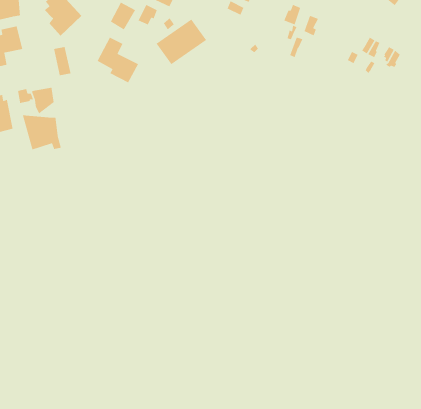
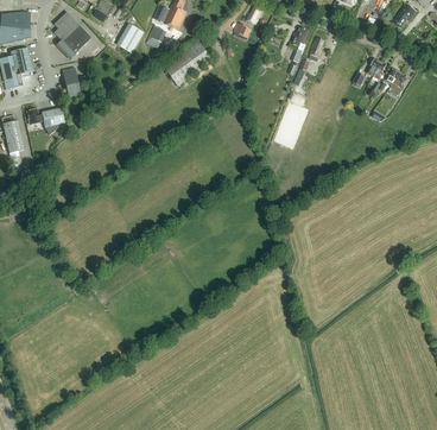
building: [96,36,139,83] -> none
building: [22,114,62,151] -> none

